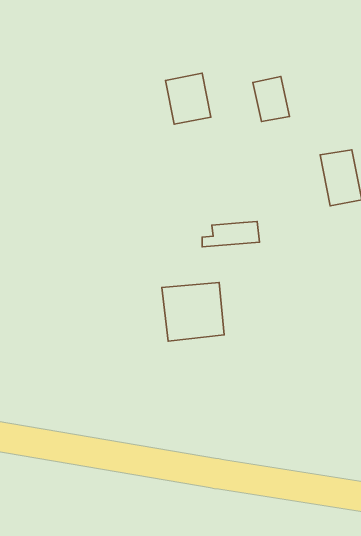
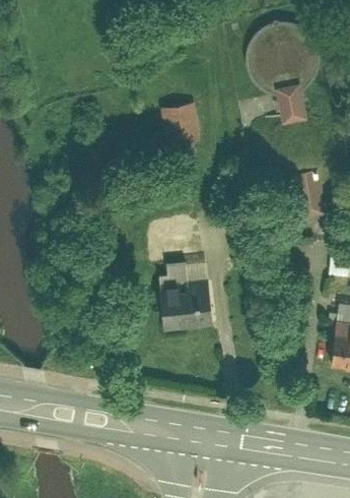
building: [253,76,289,121] -> [276,85,306,123]
building: [202,221,259,247] -> [160,265,208,287]

